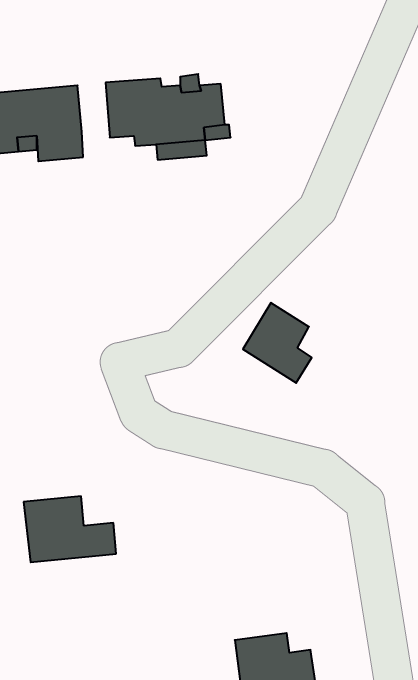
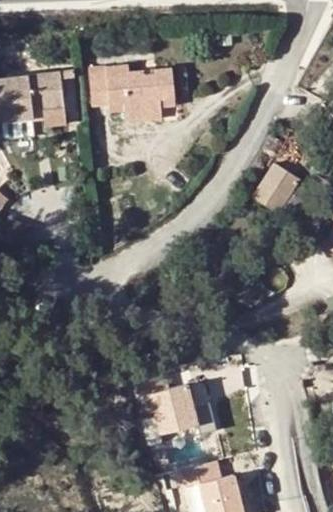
building: [243,303,312,383] -> [255,165,304,222]
building: [24,496,116,562] -> [150,386,216,433]

